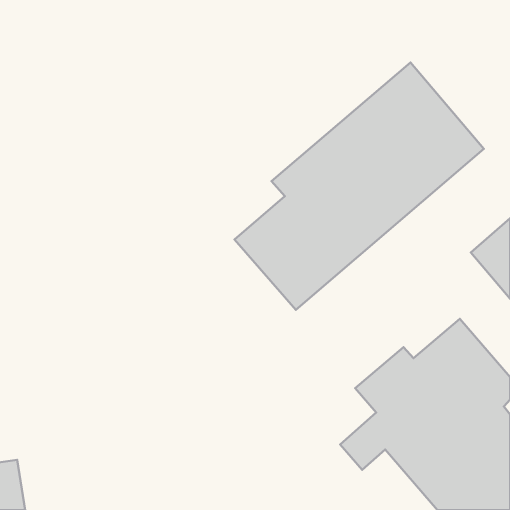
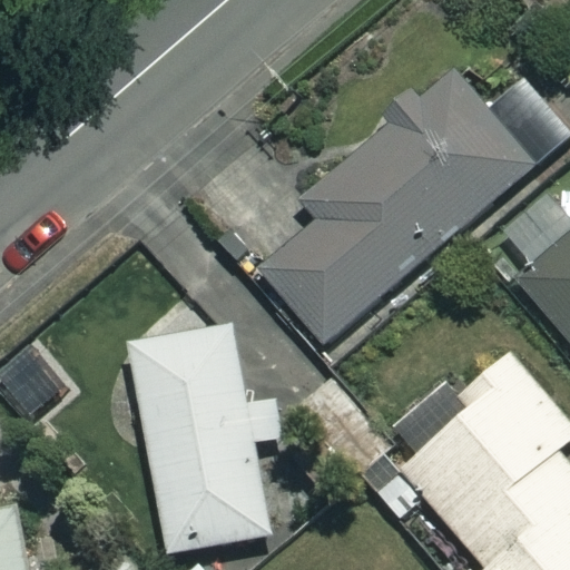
building: none -> [131,326,272,553]

